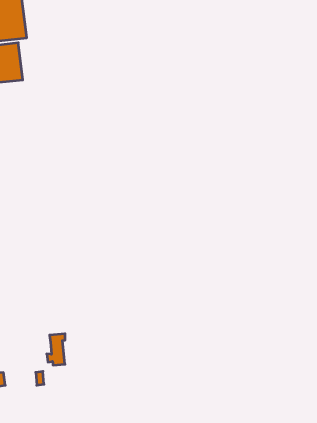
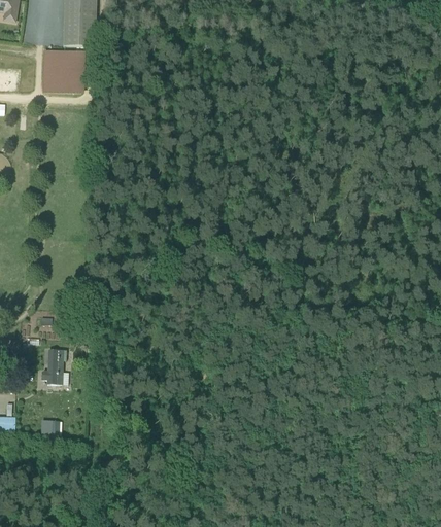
building: [47,334,65,365] -> [42,349,66,384]

